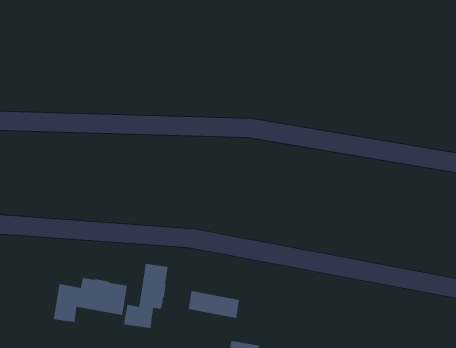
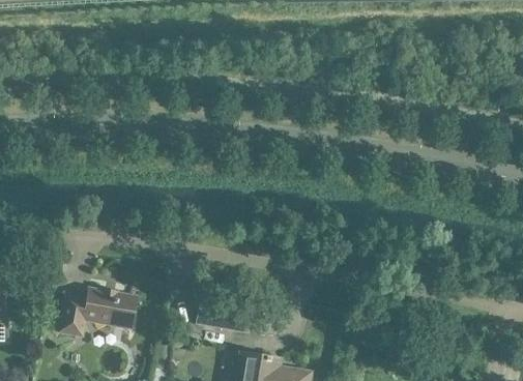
building: [123,263,169,329] -> none

